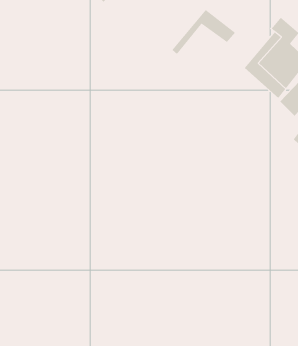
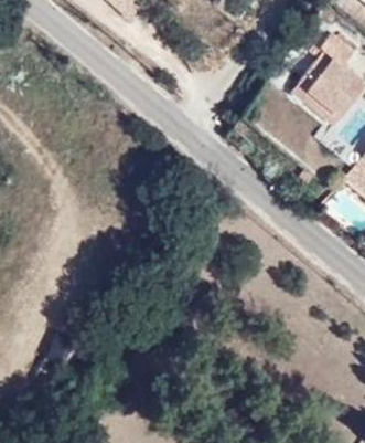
building: [171,9,236,55] -> none

